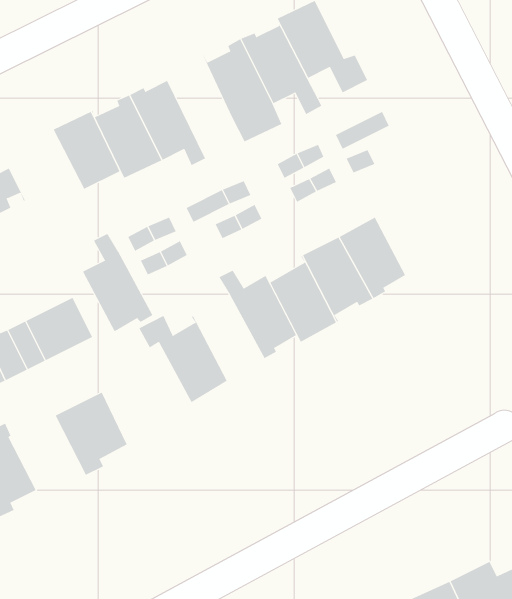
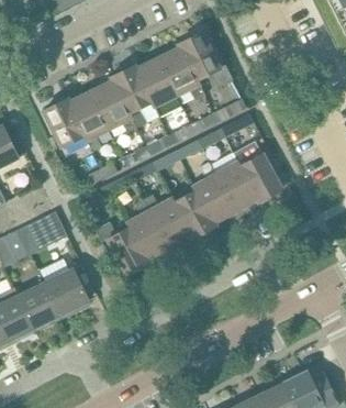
building: none -> [110,65,150,128]
building: none -> [237,154,281,202]
building: [82,233,153,337] -> [127,199,170,262]
building: none -> [16,283,63,328]

